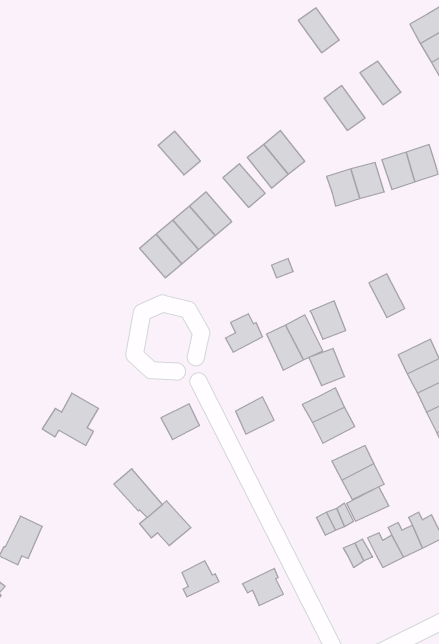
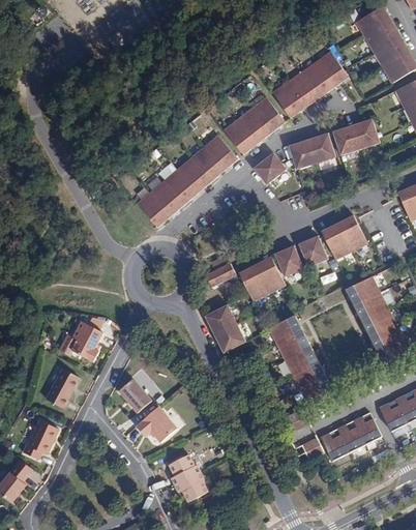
building: [298,8,339,53] -> [300,61,333,97]
building: none -> [272,82,304,117]
building: none -> [250,97,284,132]
building: [158,131,200,175] -> [190,146,225,181]
building: none -> [254,153,286,184]
building: none -> [336,215,366,252]
building: [309,348,345,386] -> [298,236,327,266]
building: [161,404,199,440] -> [205,305,236,334]
building: none -> [46,369,80,408]
building: [347,487,389,521] -> [285,347,319,375]
building: [242,568,283,606] -> [175,472,208,502]

